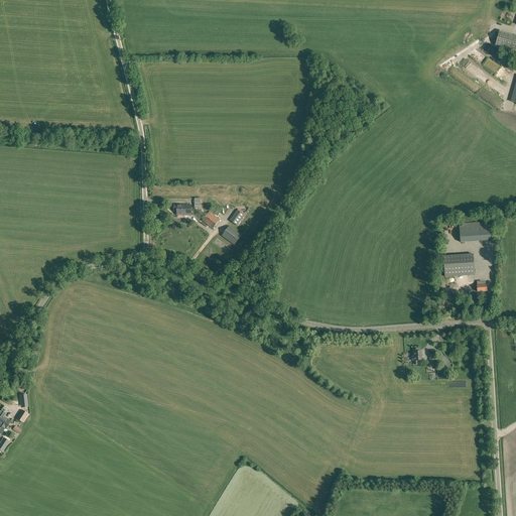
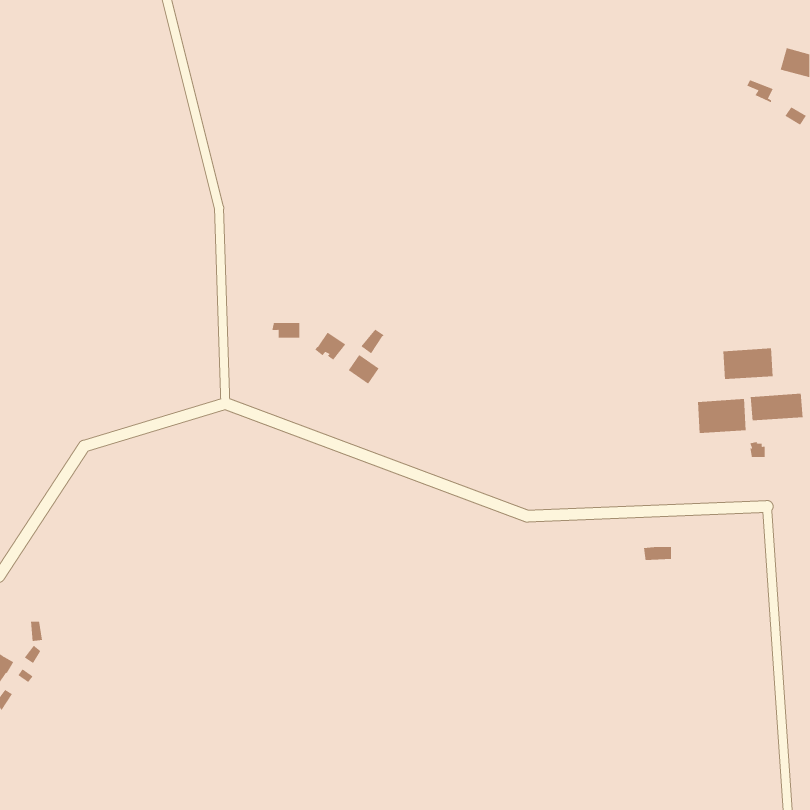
building: none -> [750,393,803,421]

